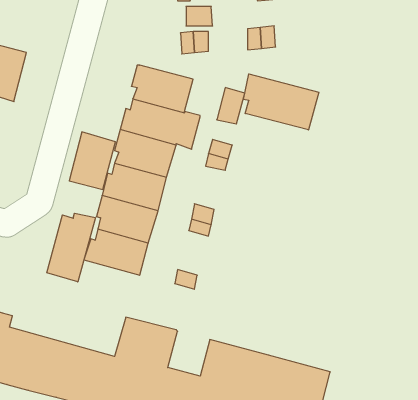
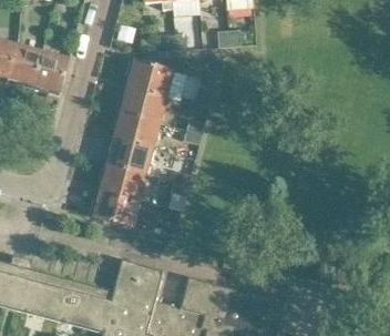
building: [244,74,319,130] -> none
building: [69,132,115,189] -> [32,51,69,96]
building: [47,213,95,282] -> none

